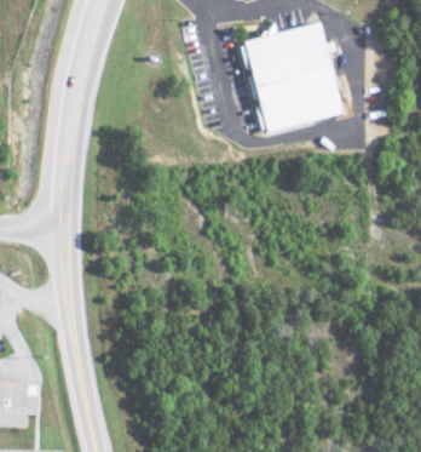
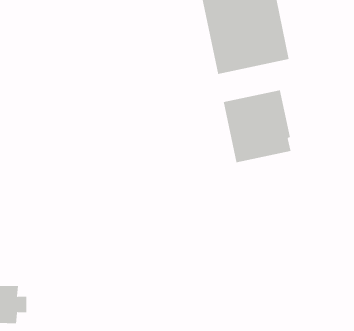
building: none -> [223,90,291,163]

